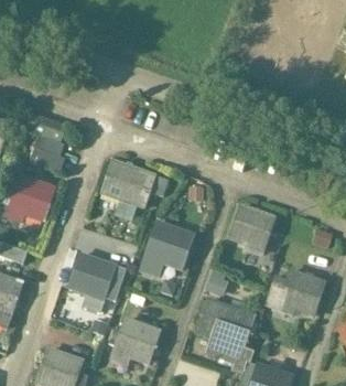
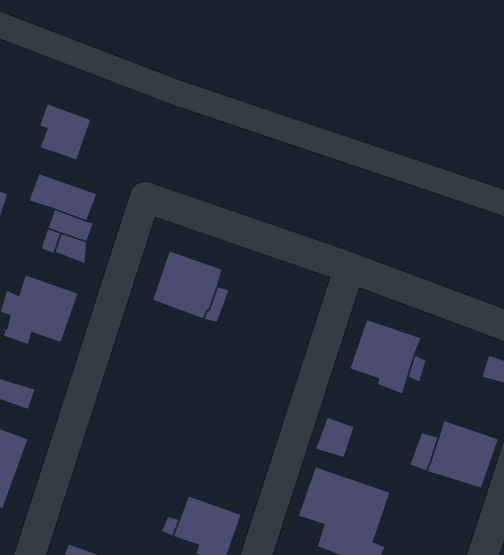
building: none -> [39,104,91,160]
building: [141,225,192,276] -> none
building: [68,256,125,313] -> none

